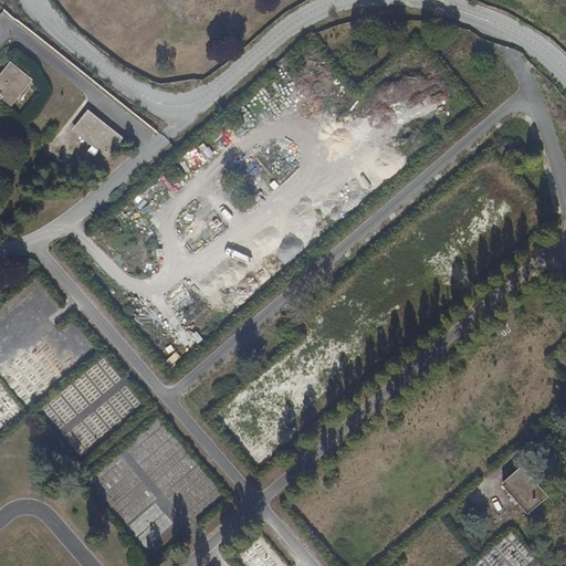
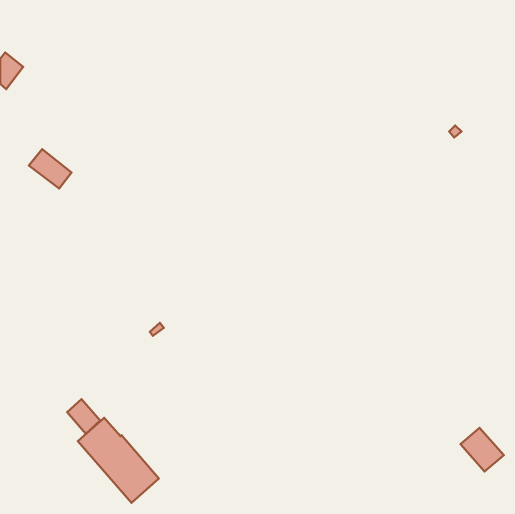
building: [72,109,118,153] -> [29,149,71,189]
building: none -> [67,399,100,434]

